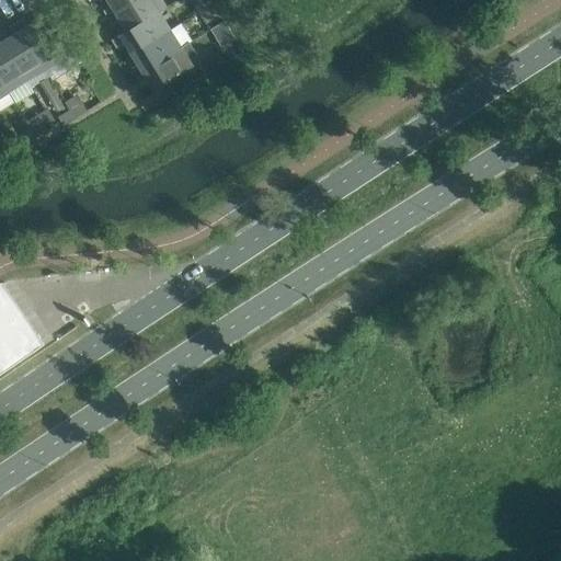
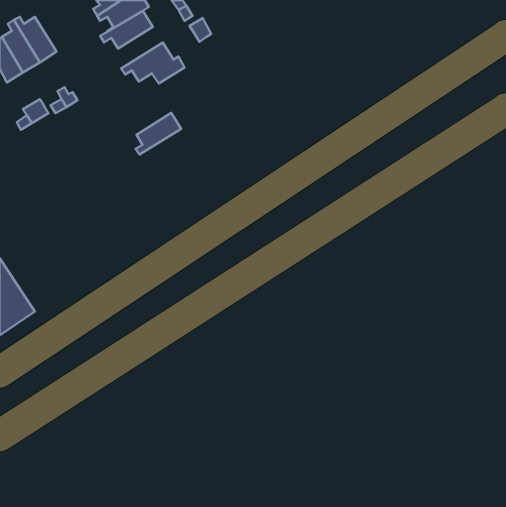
building: [129,30,180,76] -> [135,113,181,155]

